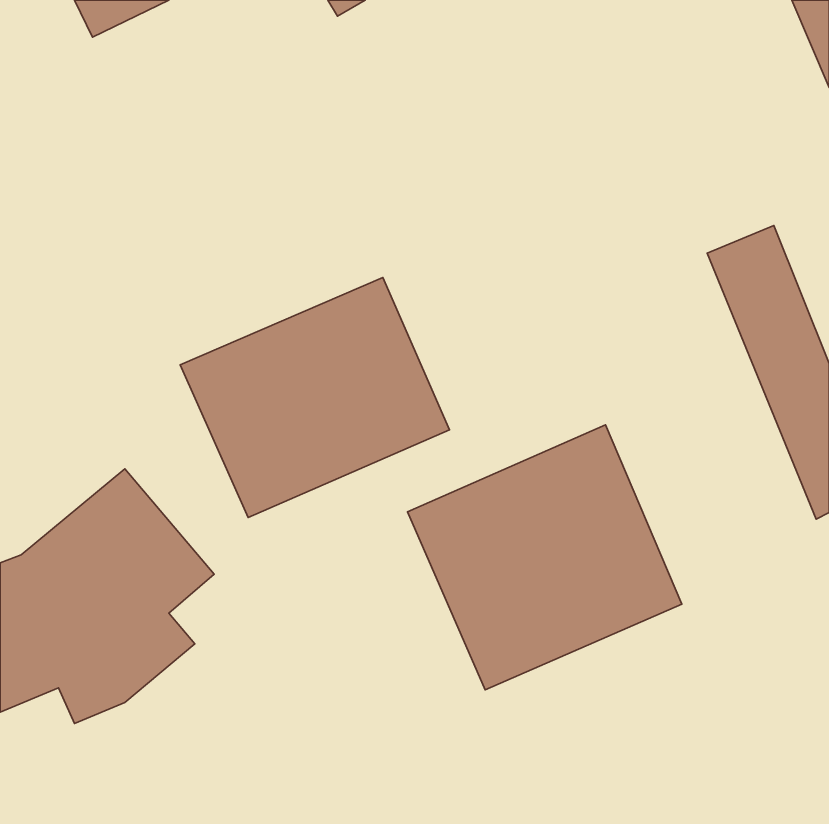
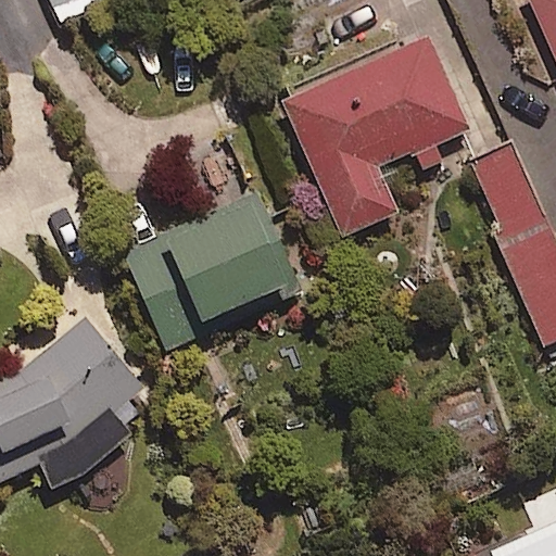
building: none -> [279,34,470,238]
building: [408,425,682,690] -> none

